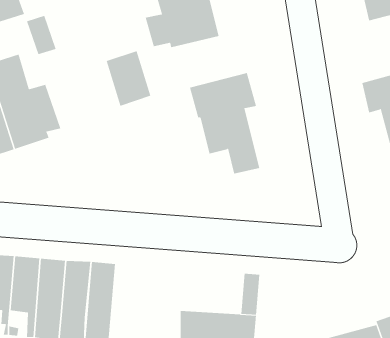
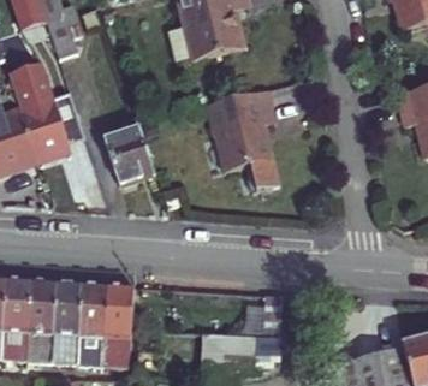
building: [106,50,151,106] -> [105,133,151,191]

